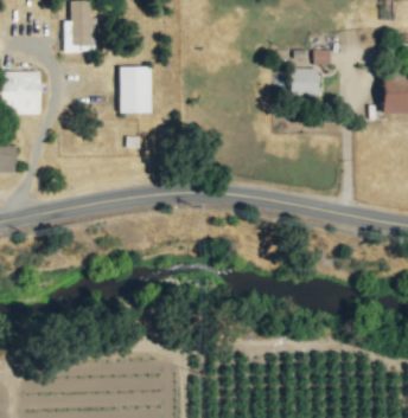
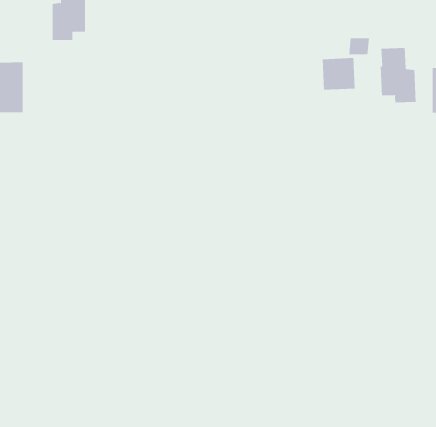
building: none -> [380,47,416,103]
building: [120,66,152,114] -> none

